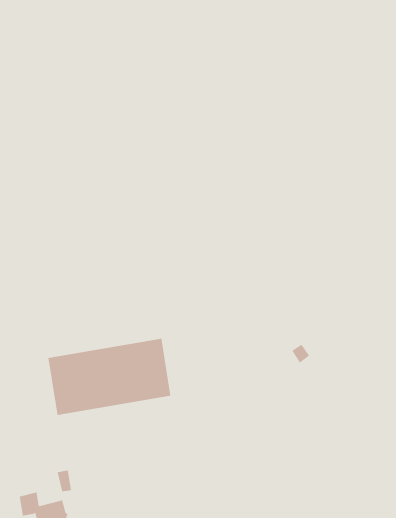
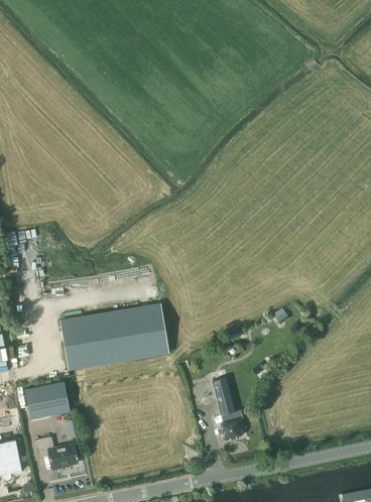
building: none -> [211,375,242,442]
building: none -> [24,382,70,419]

